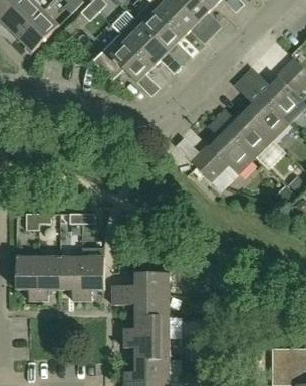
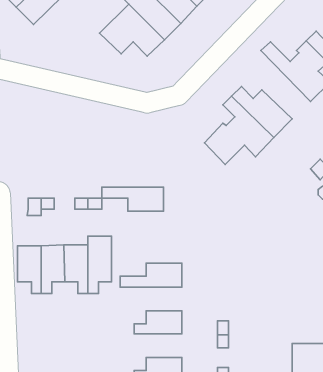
building: [235,76,289,139] -> none
building: [112,295,170,317] -> [102,187,163,211]
building: [125,338,170,360] -> none

